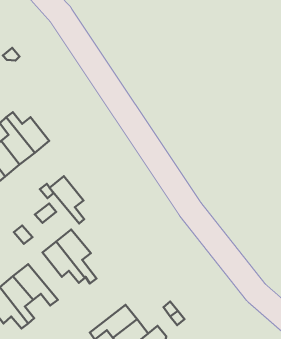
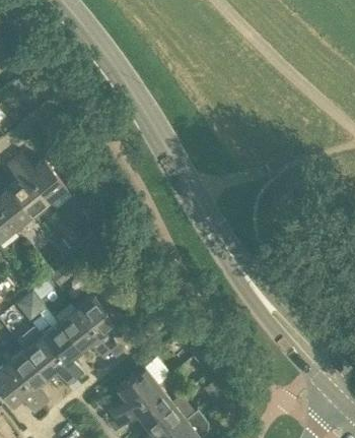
building: [50,176,84,223] -> [42,322,83,379]
building: none -> [110,367,158,419]

